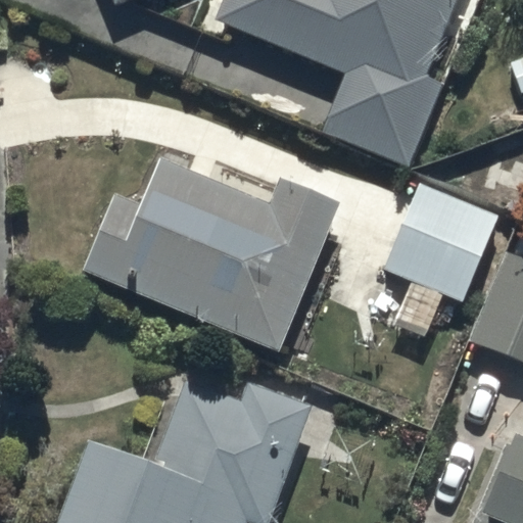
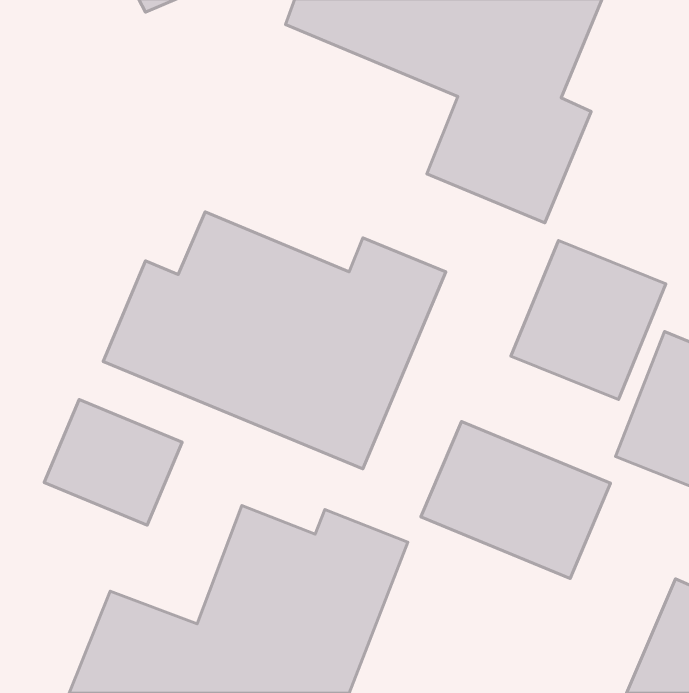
building: none -> [44,400,182,525]
building: none -> [421,422,611,579]

